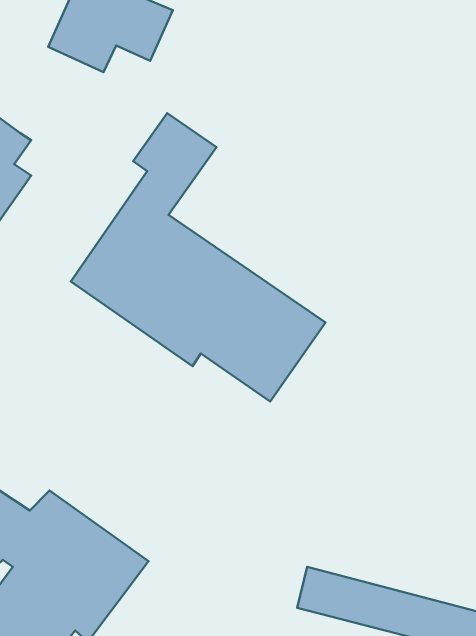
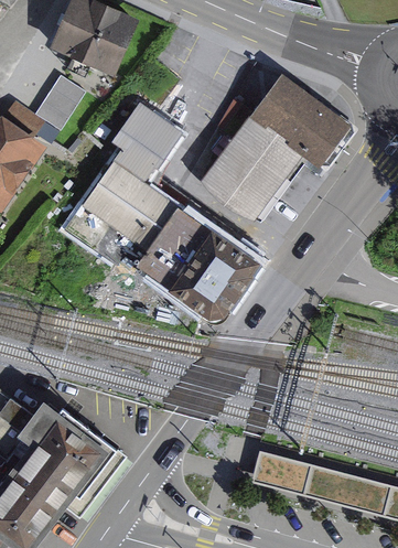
building: none -> [195,71,342,216]
building: none -> [30,77,79,131]

